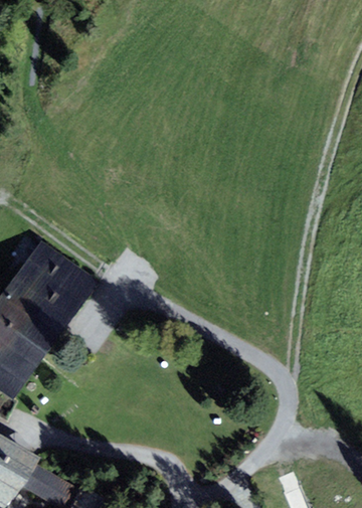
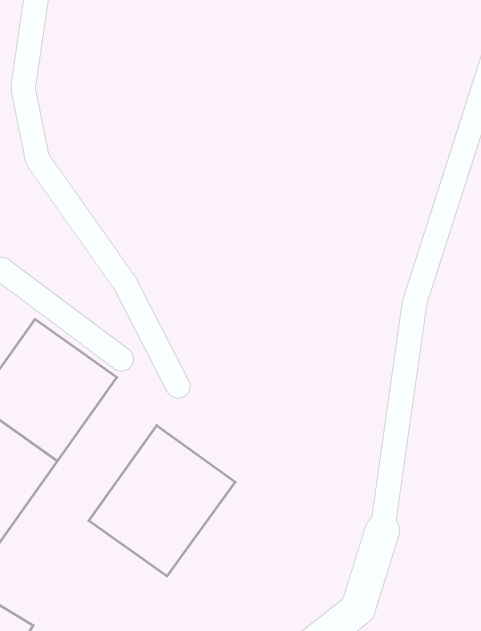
building: none -> [89,425,235,576]

